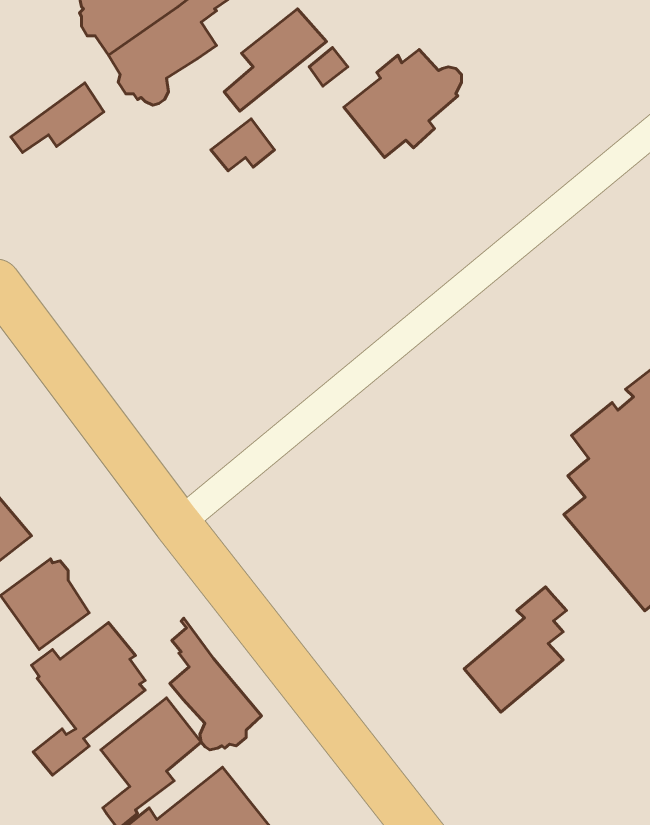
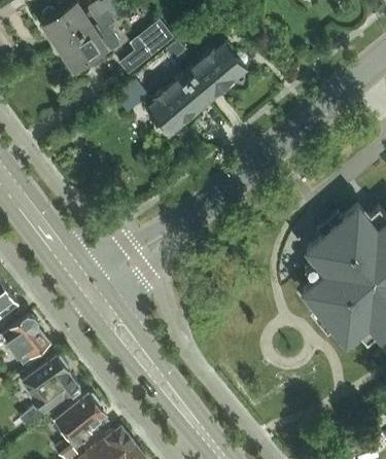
building: [11,83,104,153] -> none
building: none -> [146,75,206,135]
building: [464,587,566,712] -> none
building: [170,618,261,750] -> none

